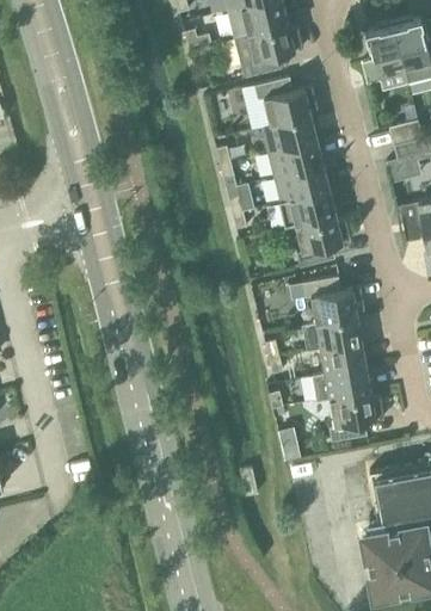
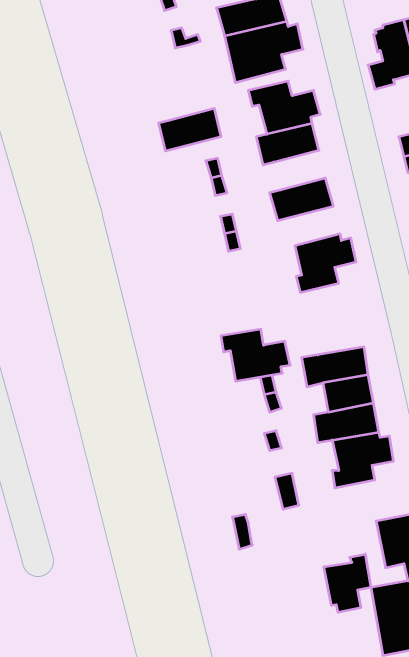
building: [266,140,322,178] -> [159,108,221,151]
building: [278,190,335,228] -> none
building: [302,277,364,323] -> [221,329,290,381]
building: none -> [324,554,371,612]

